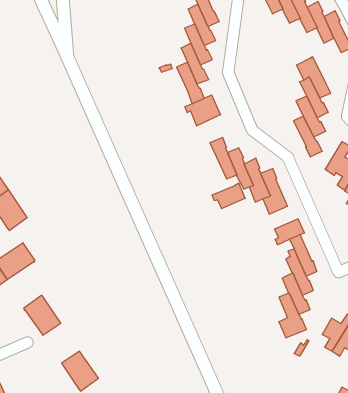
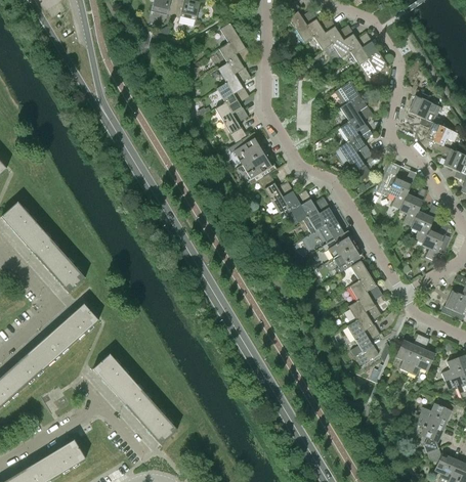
building: none -> [242,150,276,184]
building: [212,183,245,209] -> [322,230,355,258]
building: none -> [115,380,154,420]

